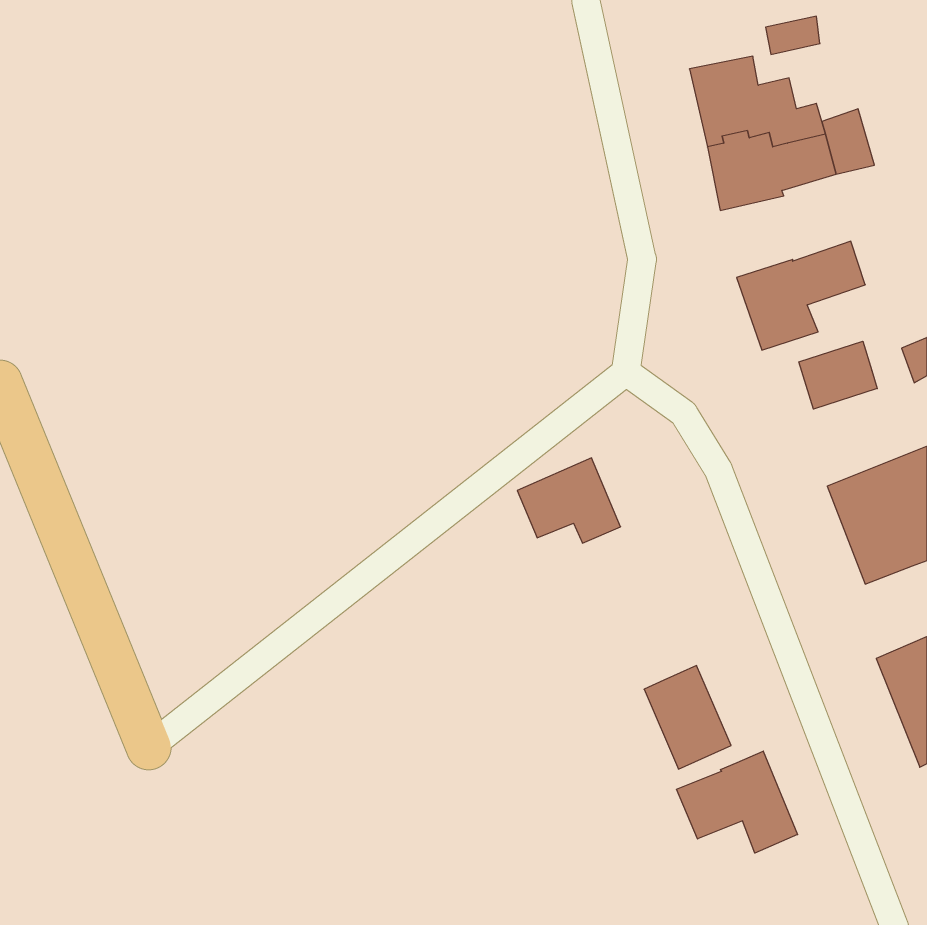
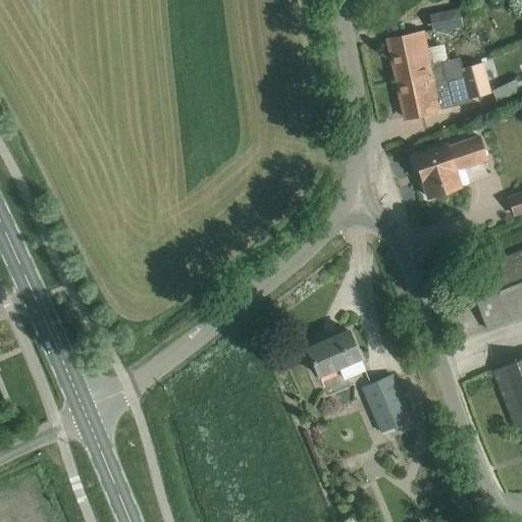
building: [799,341,877,409] -> none
building: [517,458,621,543] -> [307,331,365,379]
building: [677,751,798,853] -> none

